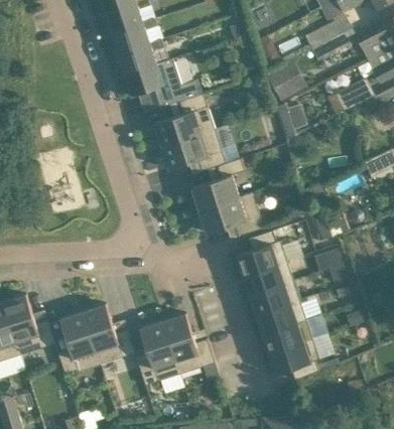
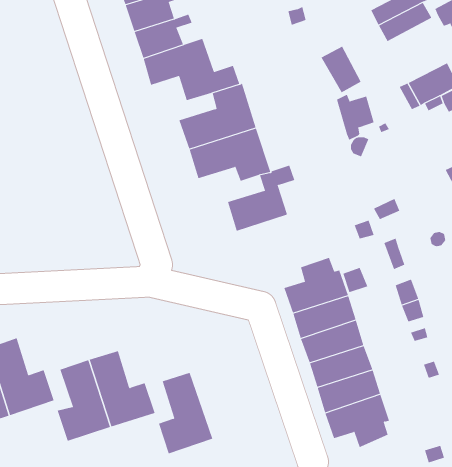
building: [198,192,262,236] -> none
building: [161,313,214,374] -> none

